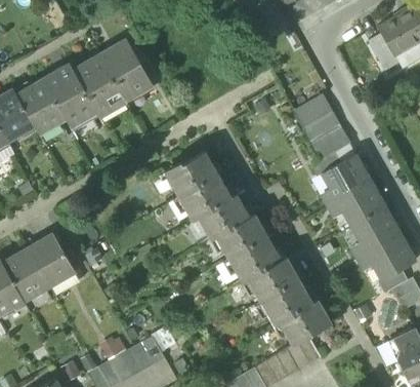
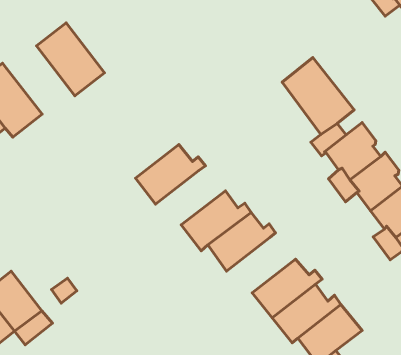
building: [73,54,126,116] -> none
building: [178,175,237,220] -> none
building: [228,237,286,282] -> none

